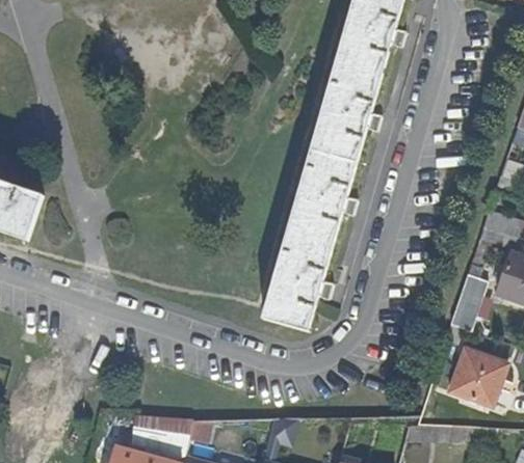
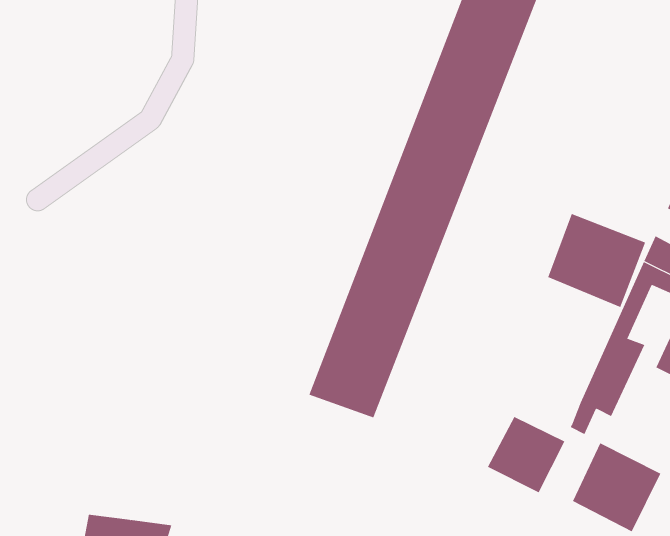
building: none -> [547,213,646,308]
building: none -> [487,416,565,493]

